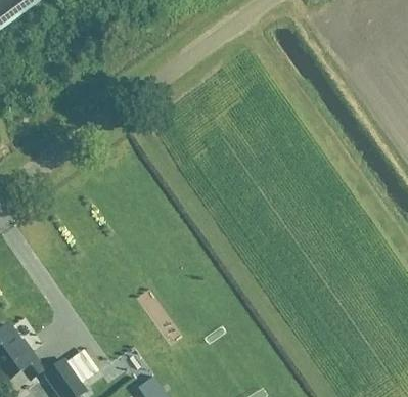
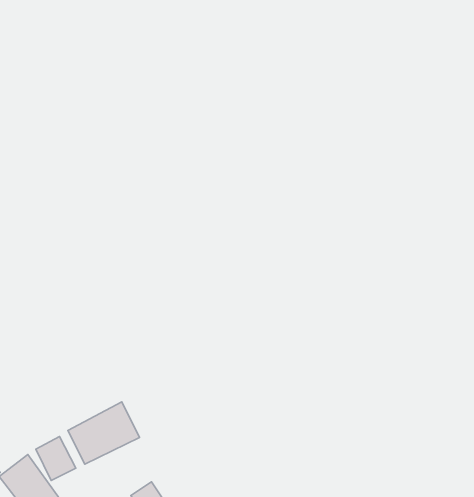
building: none -> [68,402,139,464]

